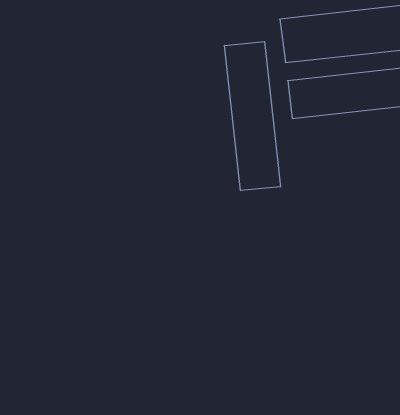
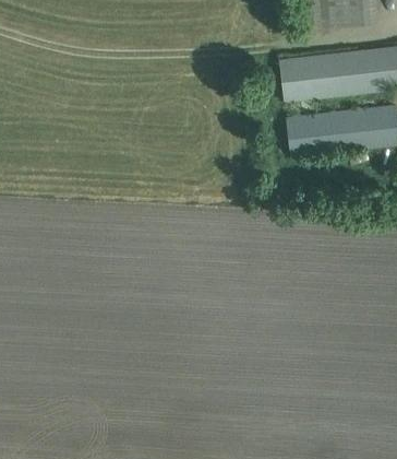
building: [224,42,281,191] -> none

